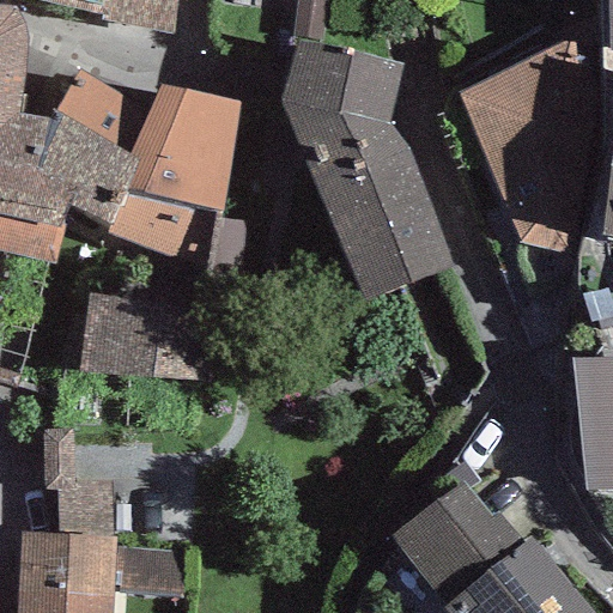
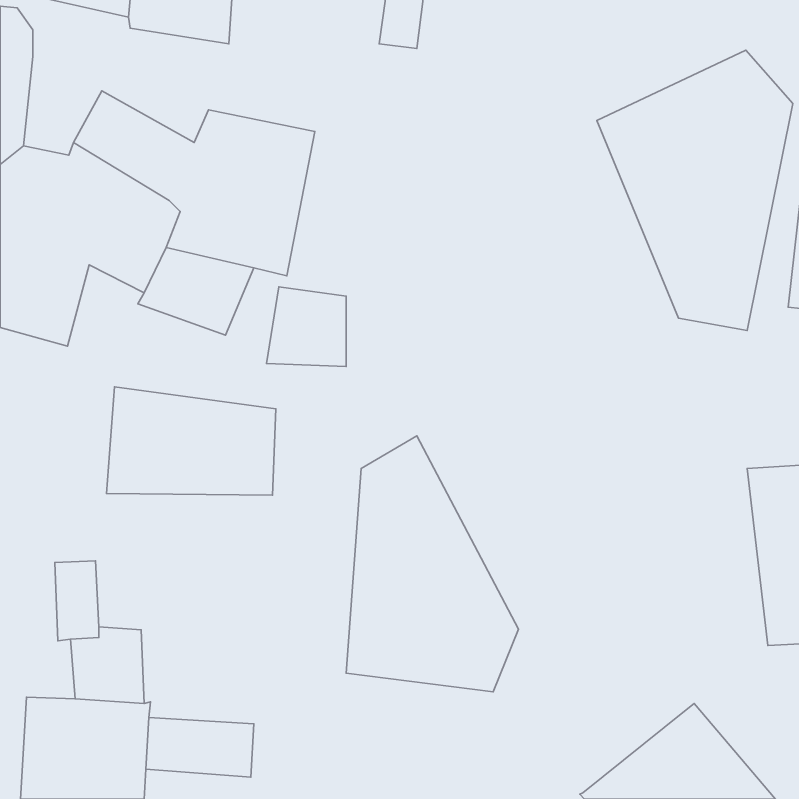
building: [279,40,453,301] -> none
building: none -> [346,436,519,692]
building: [390,478,524,606] -> none

